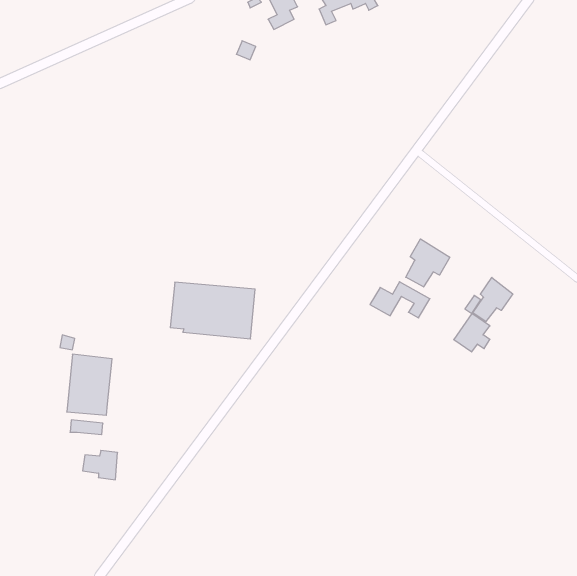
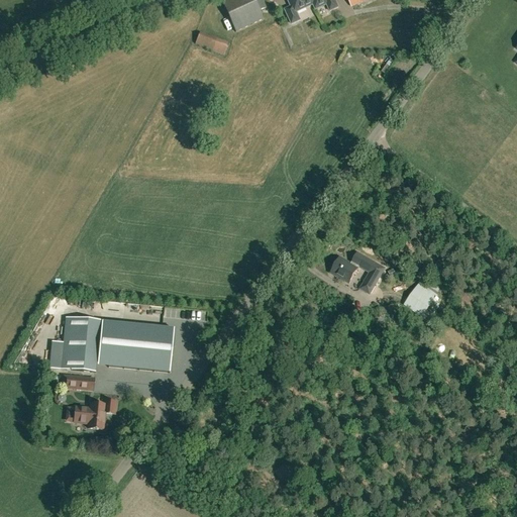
building: [406,239,450,287] -> none
building: [473,277,513,322] -> none
building: [170,282,255,339] -> [96,320,172,371]

